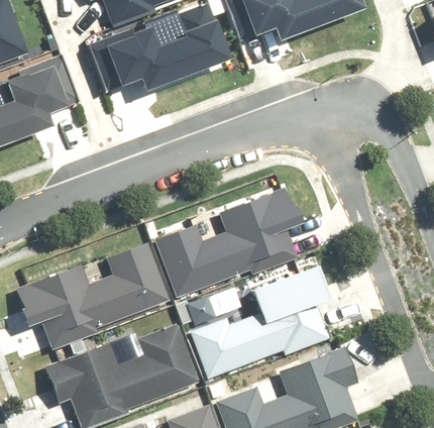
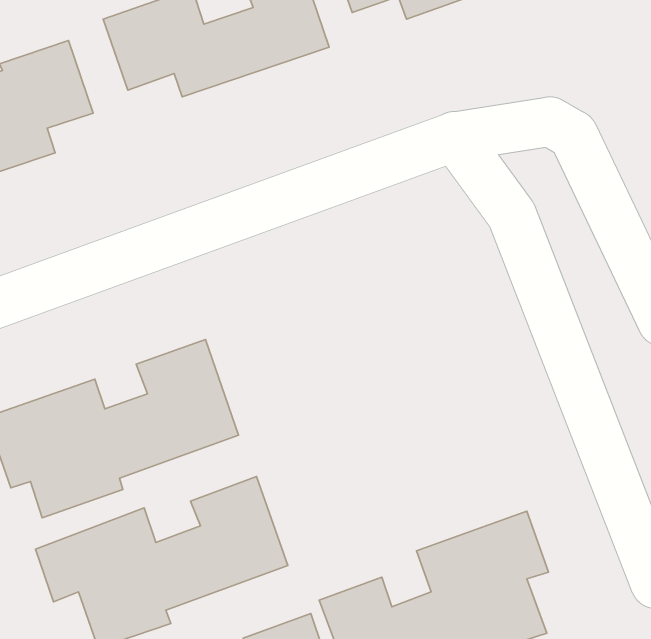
building: [152,186,296,297] -> none
building: [186,266,329,373] -> none

